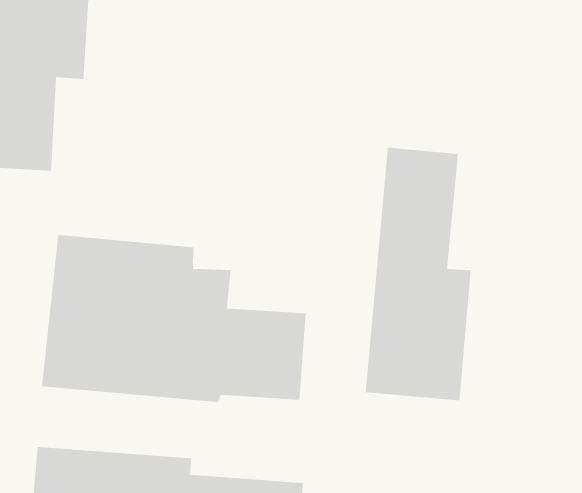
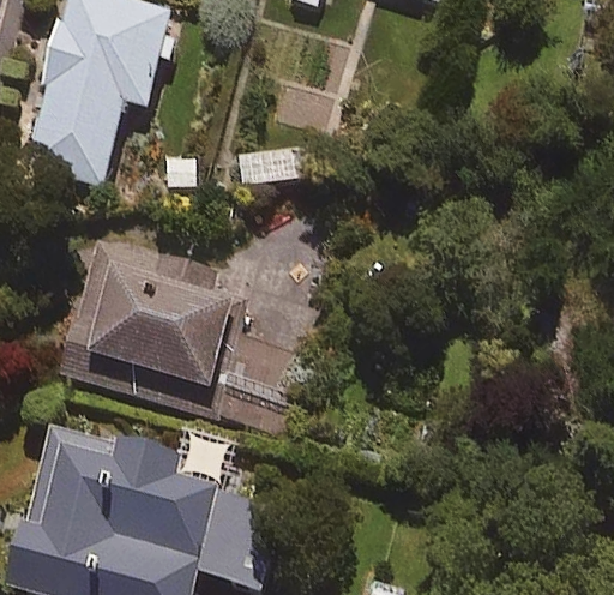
building: [365,147,471,401] -> none

